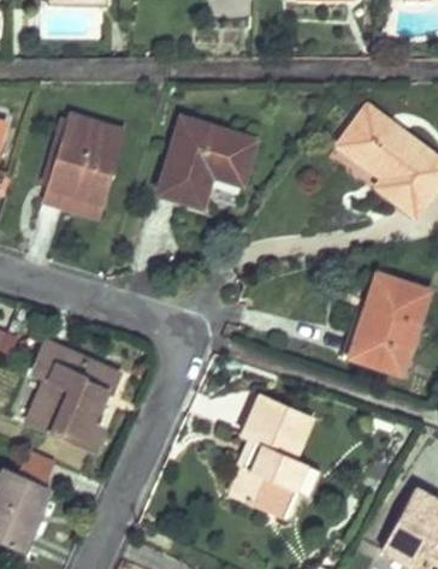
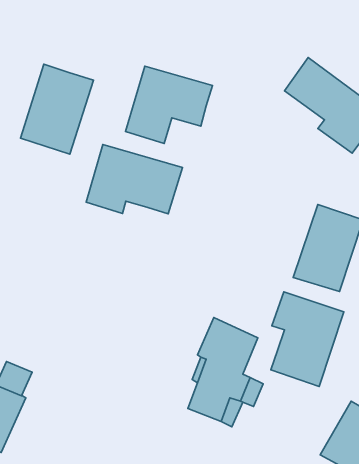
building: none -> [86,145,182,214]
building: [28,340,117,448] -> none
building: none -> [271,292,344,386]

